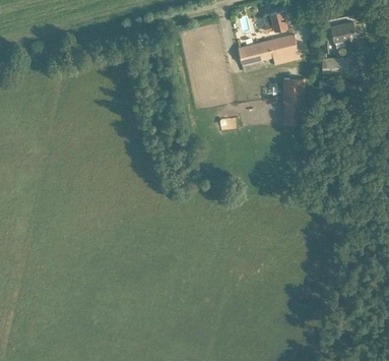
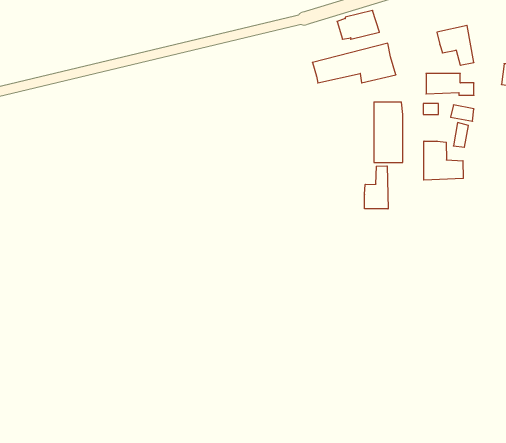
building: none -> [424,141,463,180]
building: none -> [365,166,388,209]

